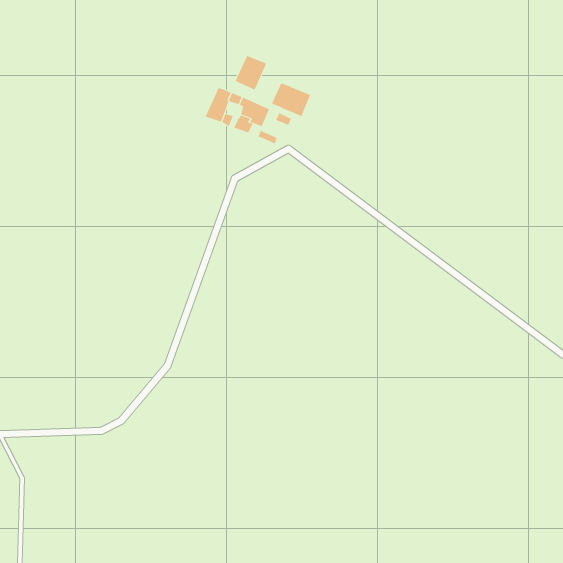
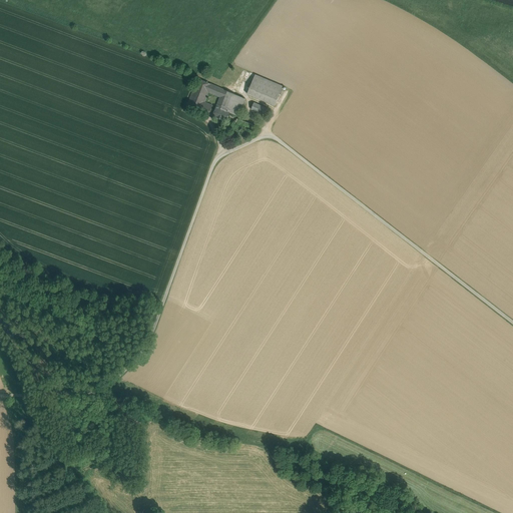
building: [235,55,267,91] -> none

